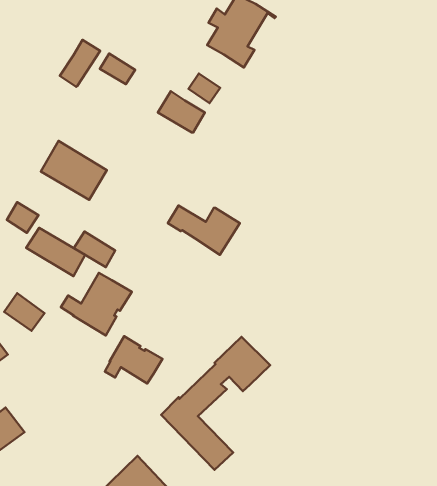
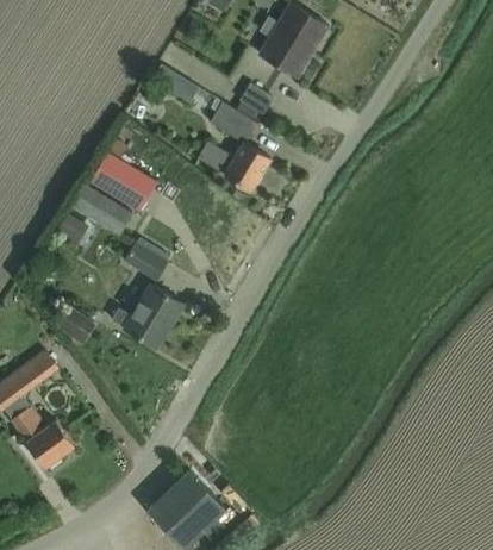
building: [60,40,100,87] -> none
building: [168,205,240,255] -> [198,140,270,190]
building: [26,228,85,276] -> [73,185,132,233]
building: [105,336,163,383] -> none
building: [161,337,270,470] -> none

